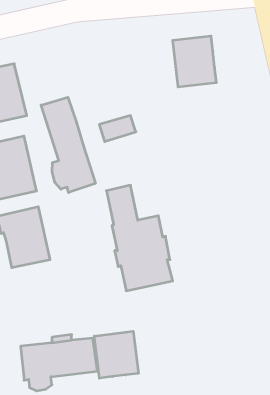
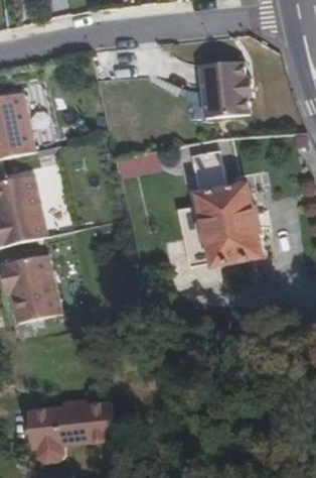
building: [41,97,95,193] -> none
building: [106,185,173,291] -> [190,150,265,269]
building: [94,331,138,378] -> none

